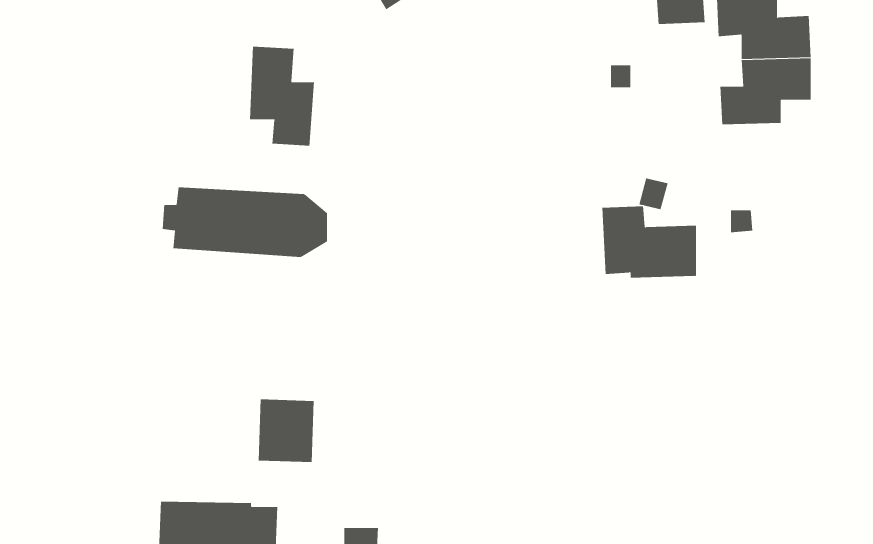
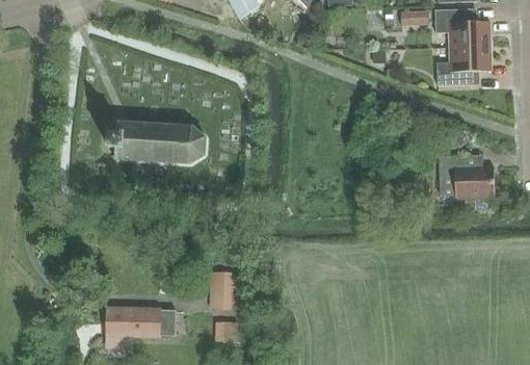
building: [250,46,314,146] -> none
building: [601,206,697,289] -> [439,155,495,204]
building: [258,399,314,462] -> [209,271,242,309]

